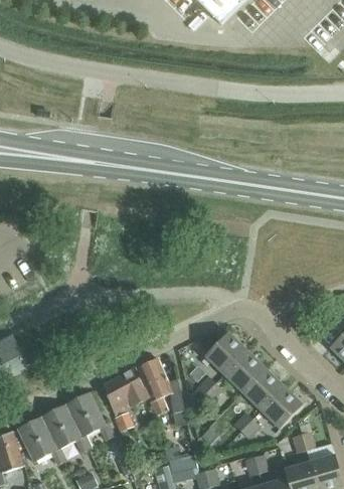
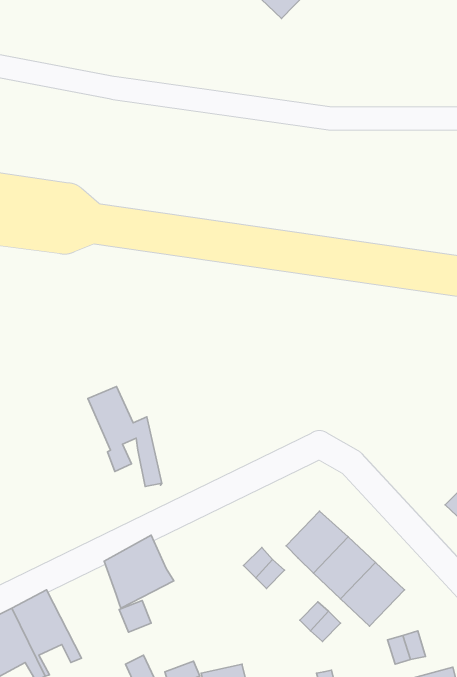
building: [204,333,245,374] -> none
building: [137,358,186,425] -> [88,386,162,487]
building: [64,391,114,449] -> none

